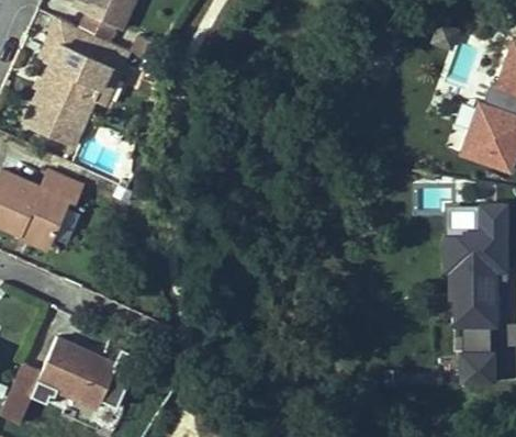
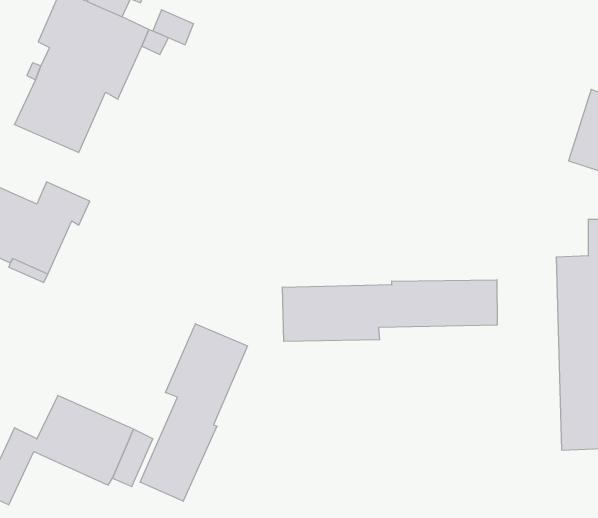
building: none -> [282,280,497,341]
building: none -> [140,324,247,501]

